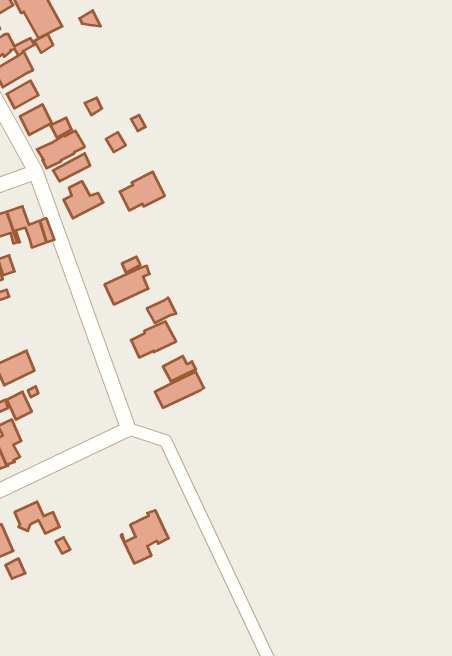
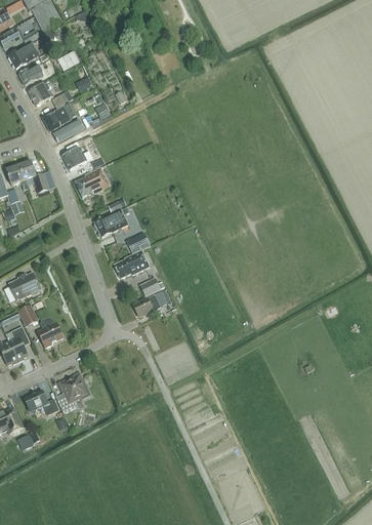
building: [120,172,165,210] -> [74,165,109,195]
building: none -> [37,316,63,347]
building: [121,510,169,563] -> [52,371,89,412]

